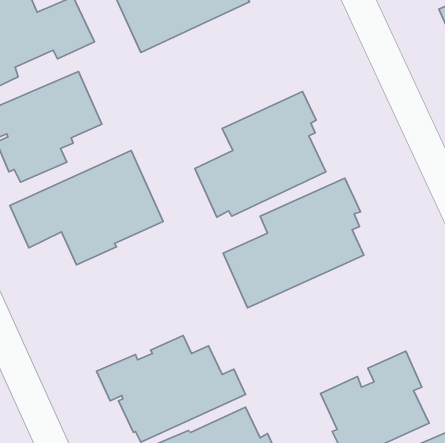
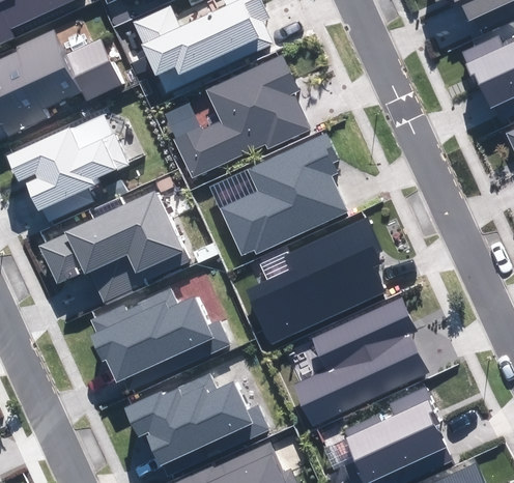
building: none -> [174,53,310,176]
building: none -> [88,287,229,390]
building: none -> [293,295,427,425]

